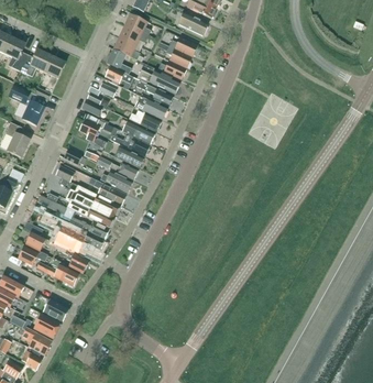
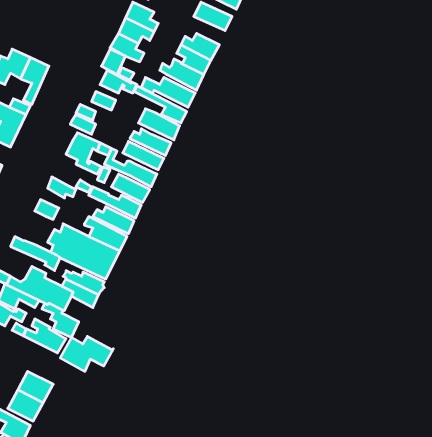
building: none -> [60,336,113,371]

